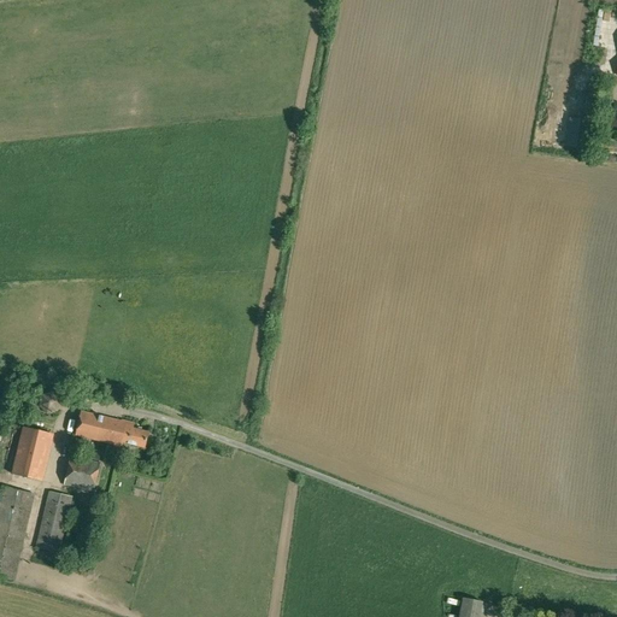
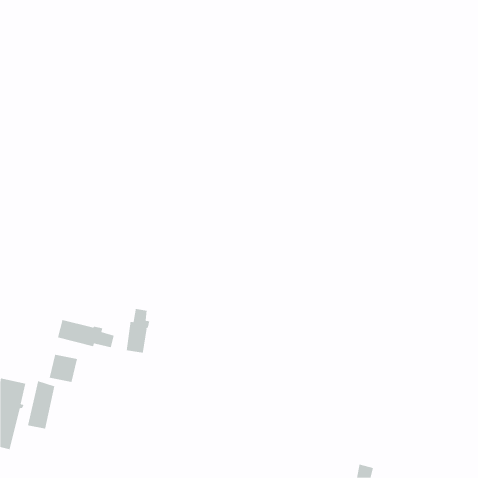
building: none -> [126,308,150,353]
building: [11,425,52,481] -> none

